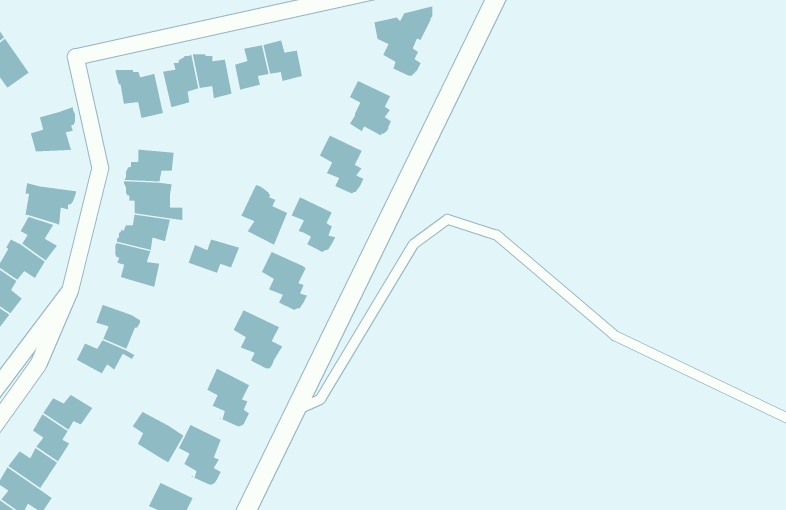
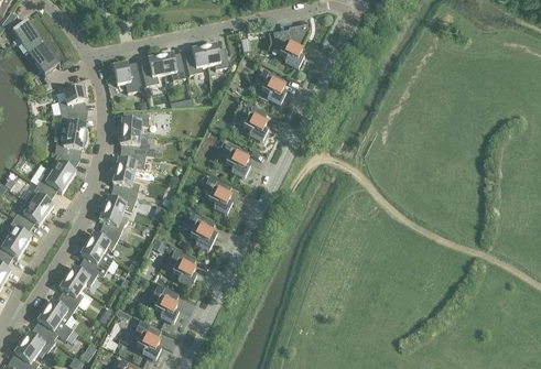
building: none -> [55,115,87,140]
building: [240,184,288,246] -> none
building: [187,239,240,274] -> [102,195,136,217]
building: [132,411,184,464] -> [79,246,112,279]

